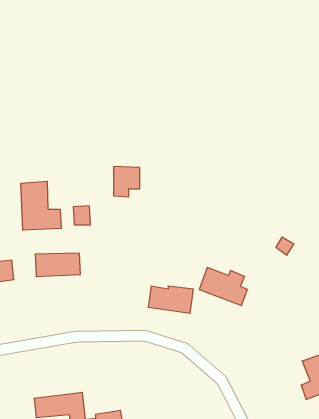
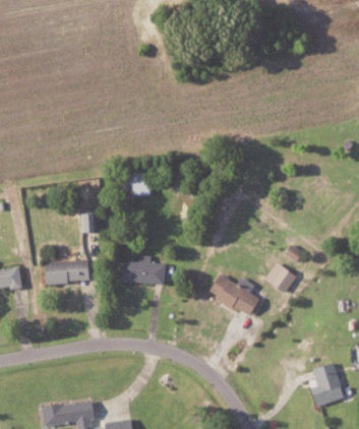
building: [21,181,61,230] -> none
building: none -> [265,262,297,294]
building: [148,286,193,313] -> [121,259,167,287]

